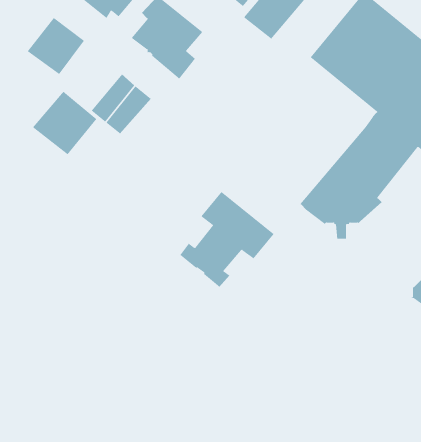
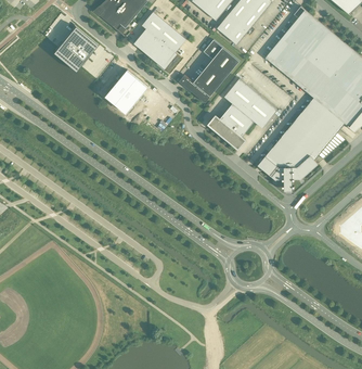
building: none -> [183,38,238,102]
building: [32,91,97,155] -> none
building: [180,191,274,287] -> [208,77,277,148]

